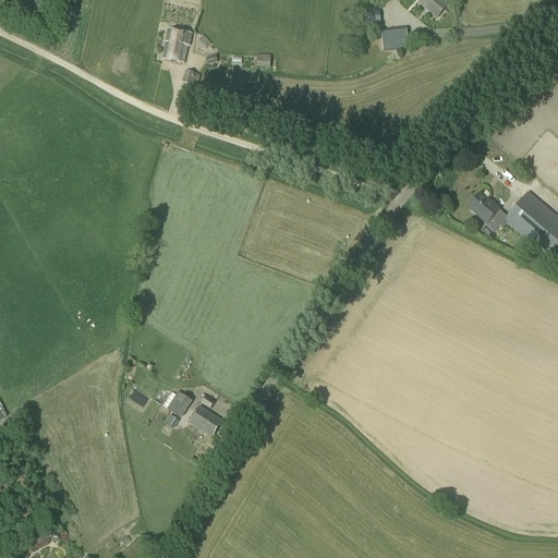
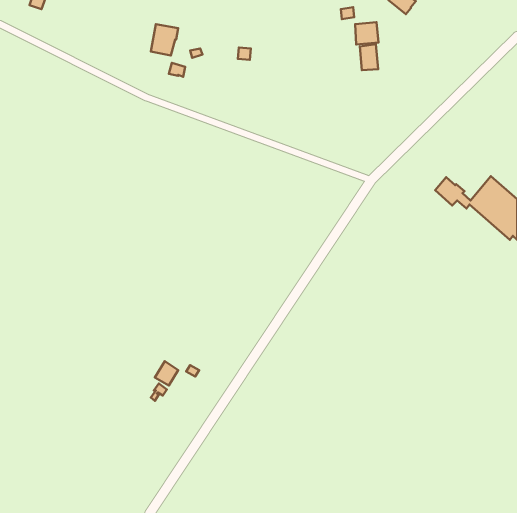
building: none -> [360,44,378,70]
building: [190,403,222,434] -> none

